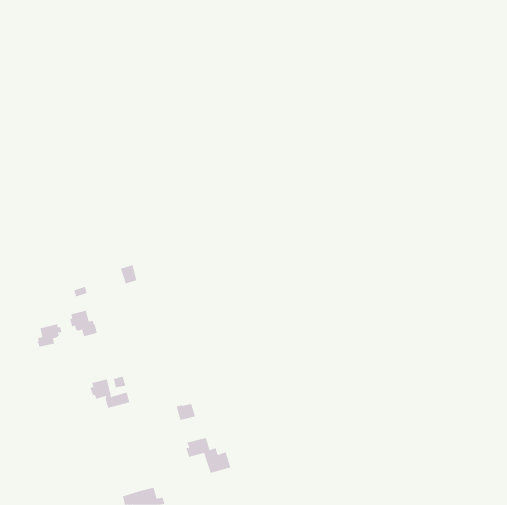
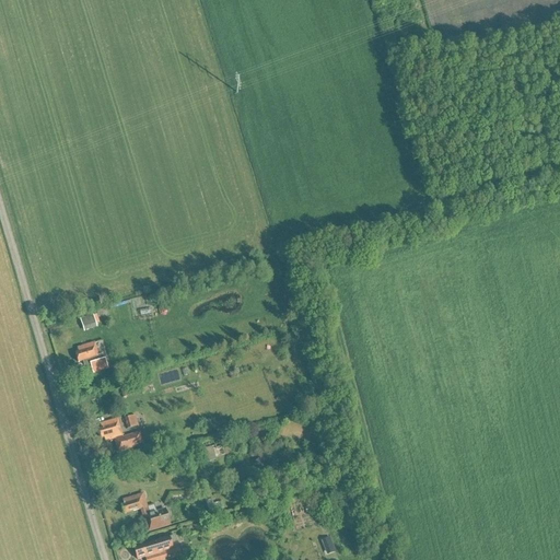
building: [37,324,62,348] -> none
building: [185,438,231,473] -> [121,491,172,530]

